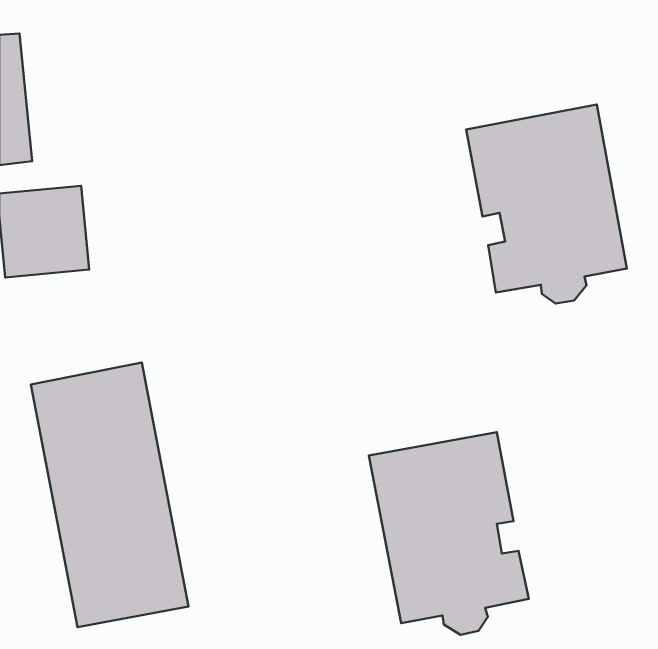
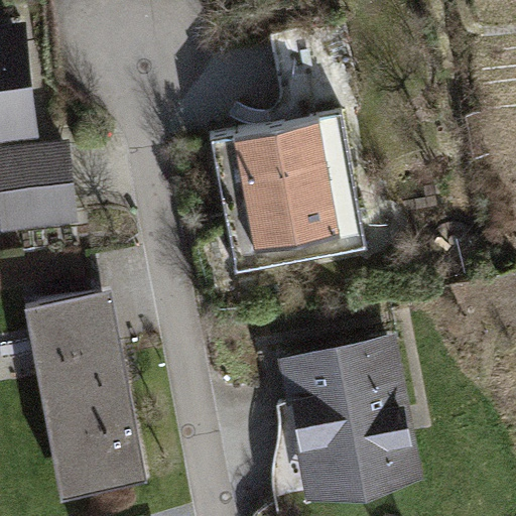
building: [466,104,627,303] -> none
building: none -> [210,115,355,277]

